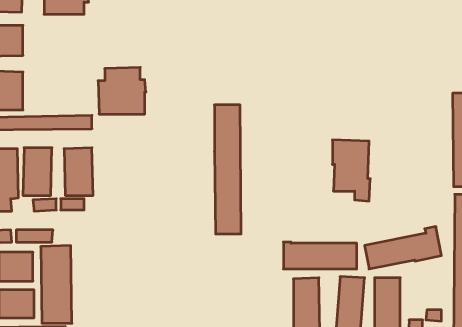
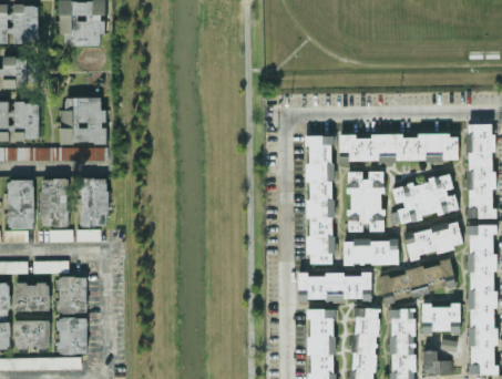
building: [98,67,146,114] -> [59,96,106,143]
building: none -> [339,134,459,162]
building: [214,105,241,234] -> [307,135,334,264]
building: none -> [389,173,458,224]
building: none -> [403,222,463,260]
building: none -> [342,239,398,265]
building: none -> [421,305,461,332]

